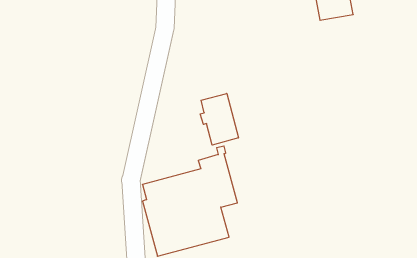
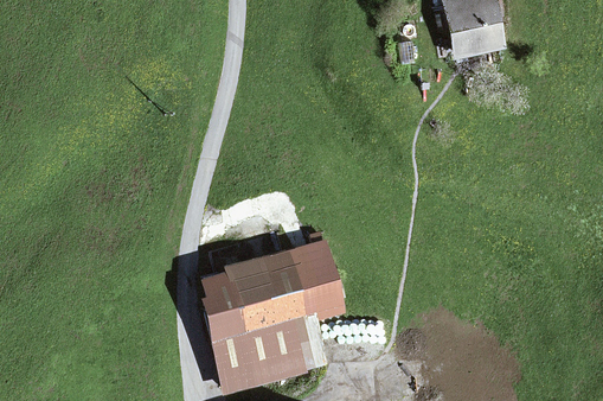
building: [200,93,238,145] -> none

